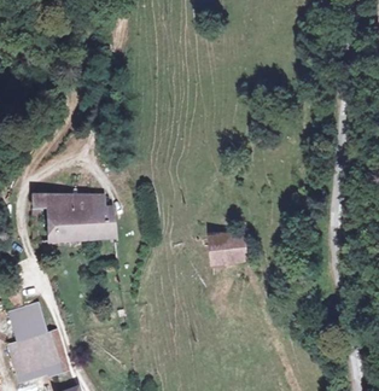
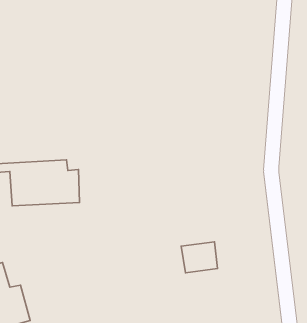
building: [204,230,245,265] -> [181,242,218,273]

